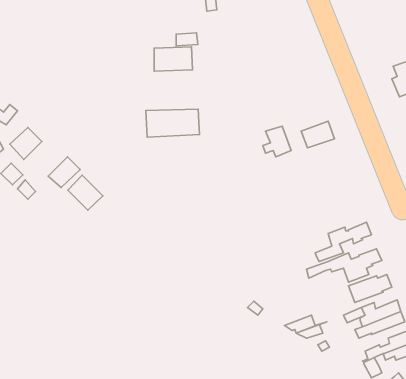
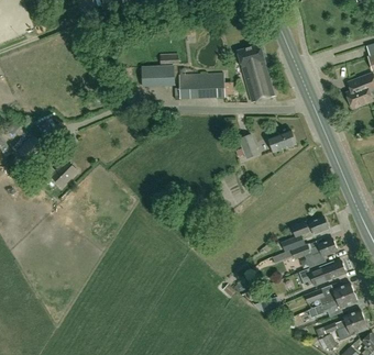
building: none -> [238,43,275,101]
building: [146,109,200,137] -> [179,74,226,98]
building: [68,175,103,210] -> none

